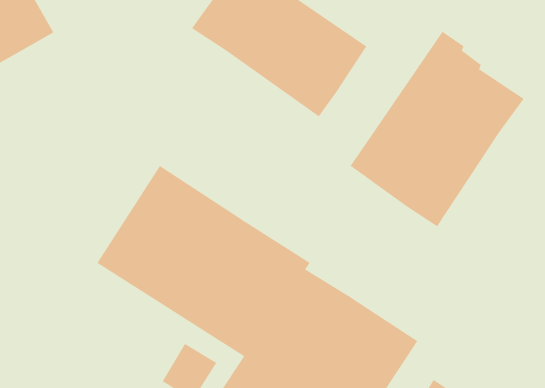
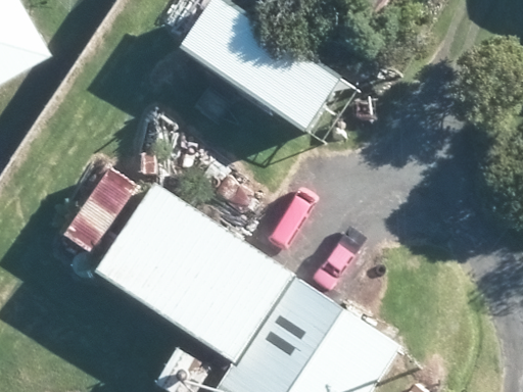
building: [350,31,524,227] -> none

